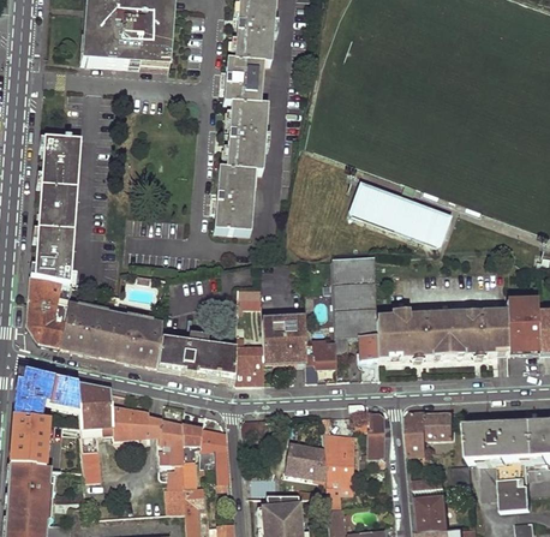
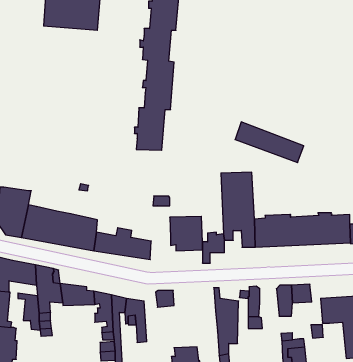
building: [35,137,79,281] -> none
building: [233,335,262,381] -> none
building: [287,441,325,472] -> none

